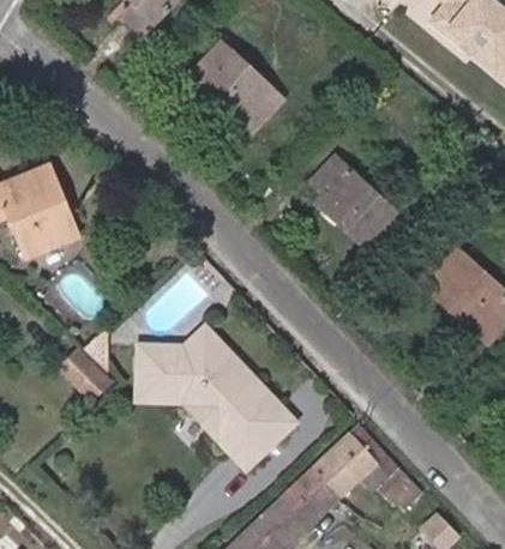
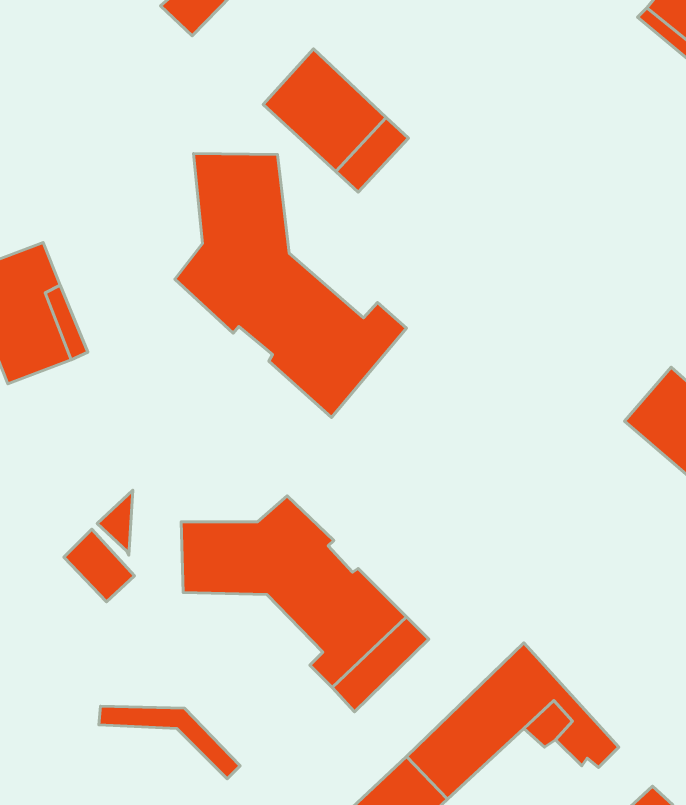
building: none -> [175,154,406,417]
building: [314,157,403,249] -> none
building: [138,391,229,438] -> [99,706,240,779]

